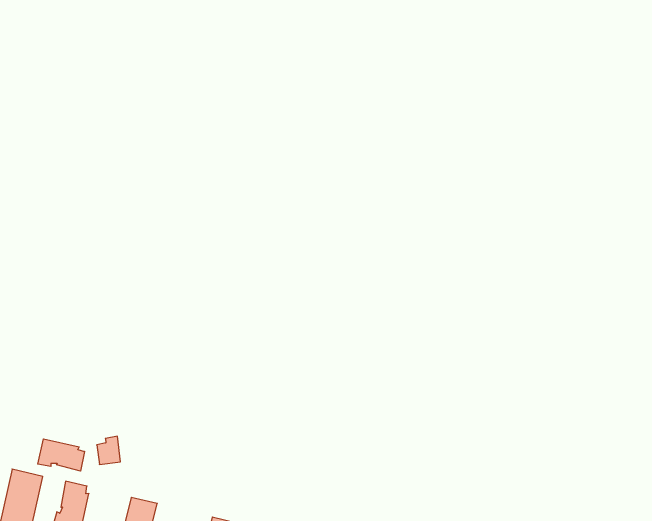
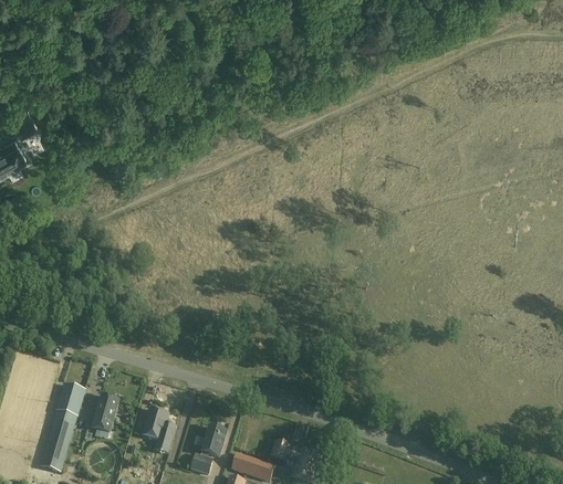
building: [38,439,85,471] -> none

